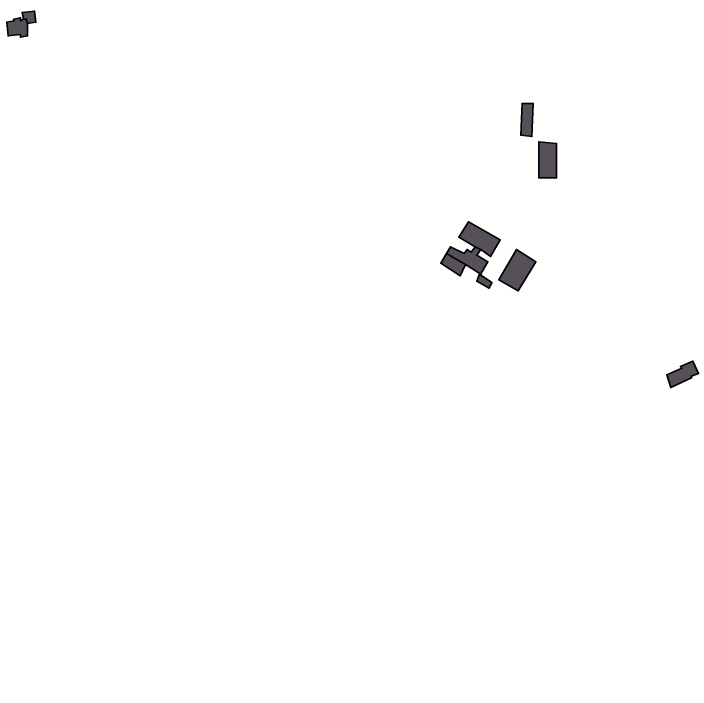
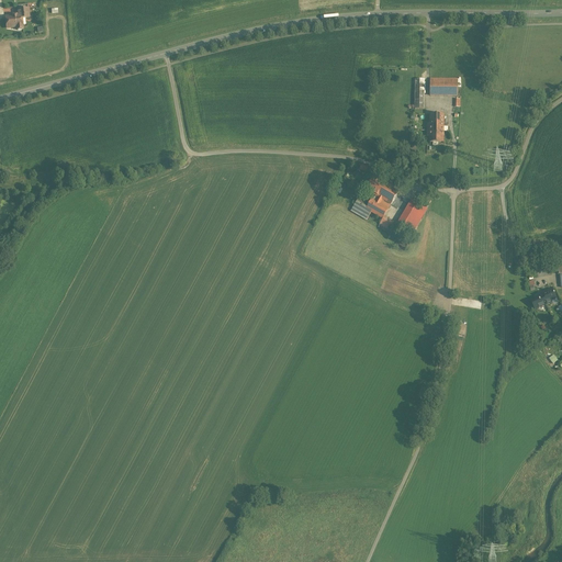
building: none -> [430,74,458,95]

